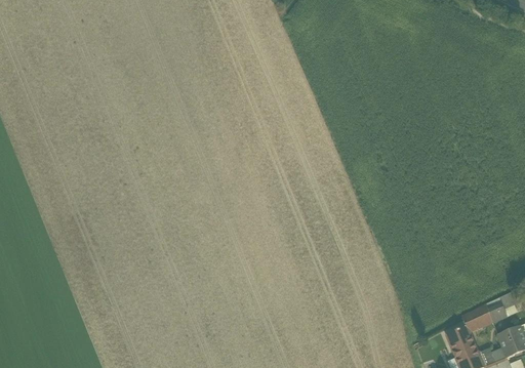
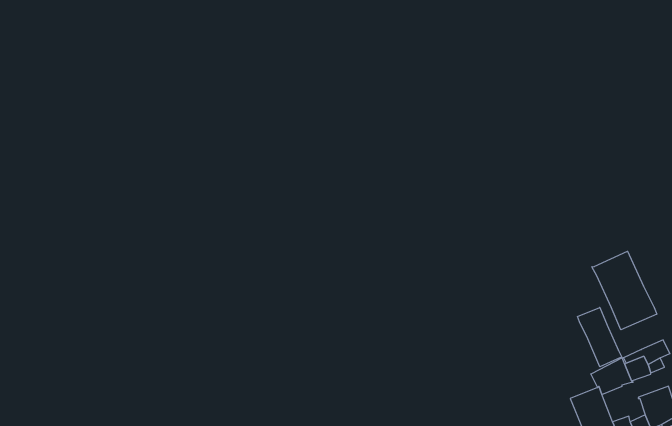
building: none -> [592,251,657,330]
building: none -> [577,307,622,367]

